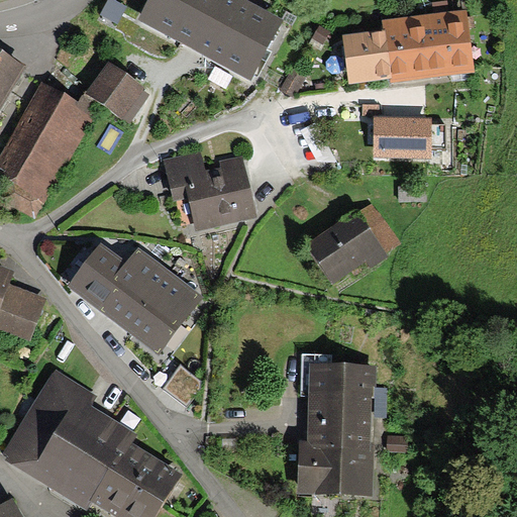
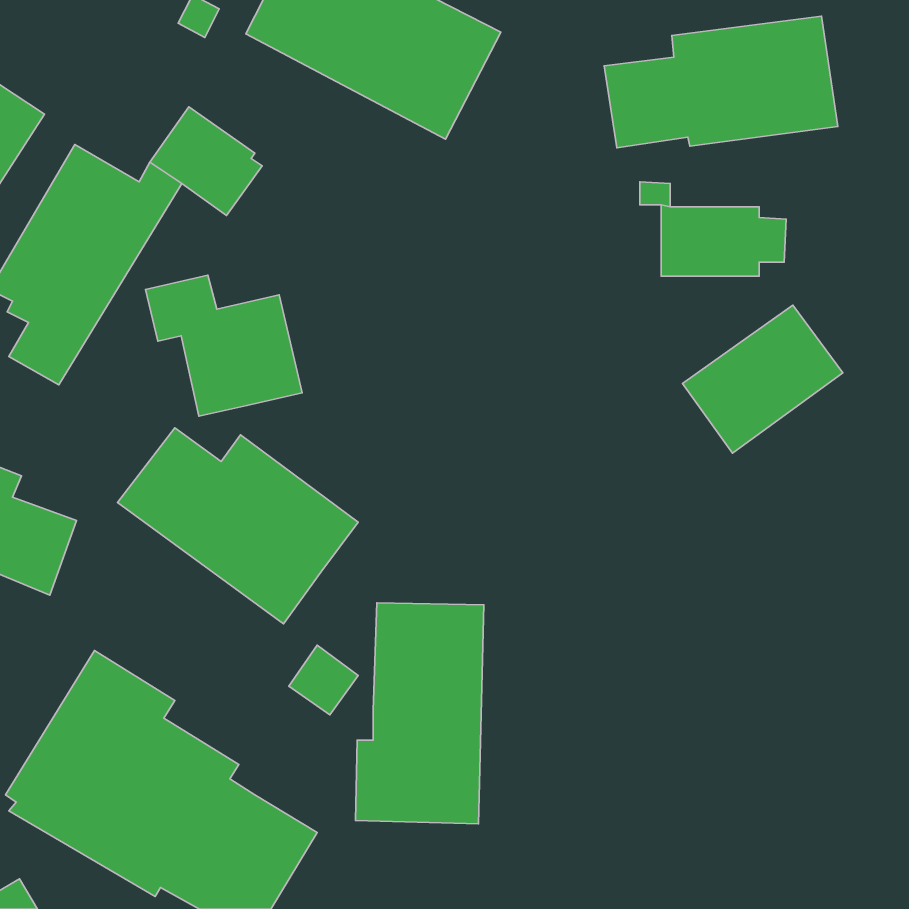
building: [165,152,253,232] -> [145,275,302,416]
building: [305,203,396,287] -> [682,305,843,453]
building: [299,371,372,496] -> [355,603,484,824]

